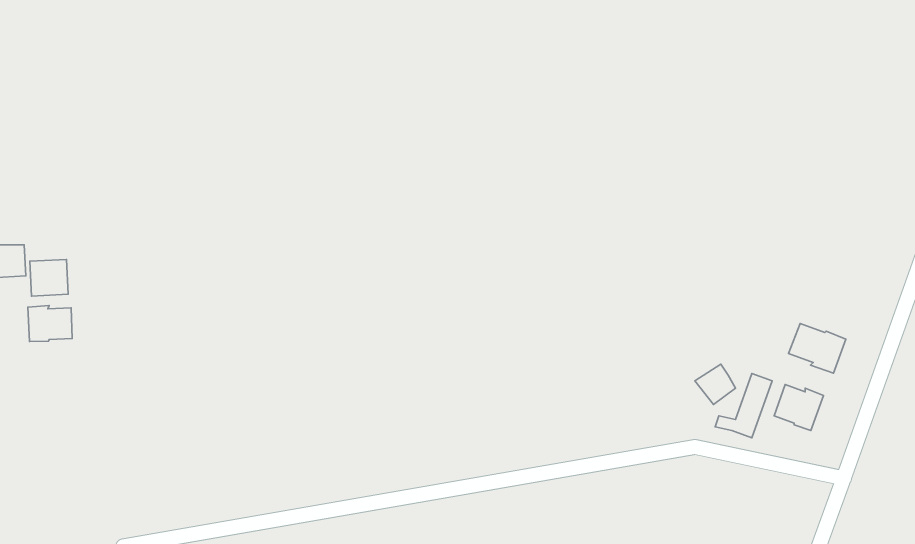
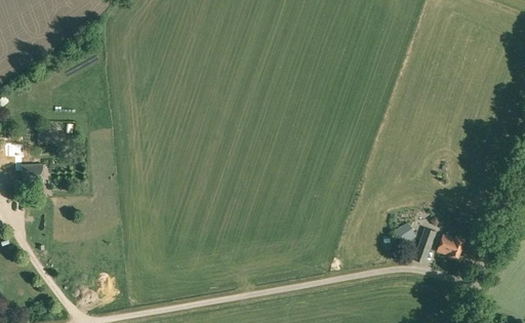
building: [28,306,72,342] -> none
building: [788,323,846,373] -> none

